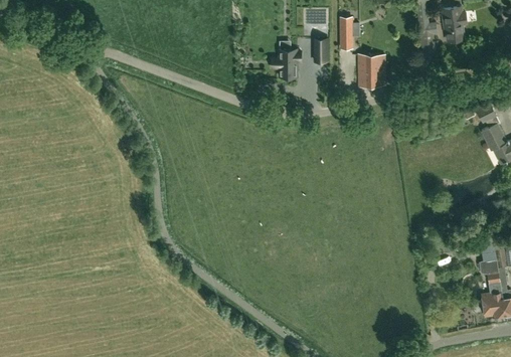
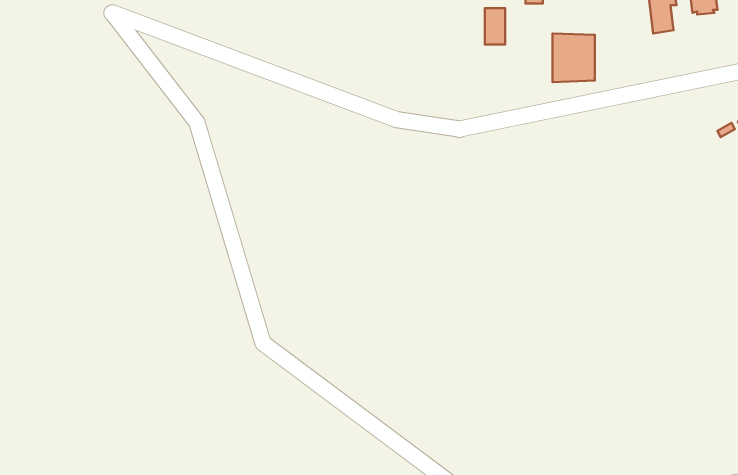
building: [272,50,301,78] -> none

